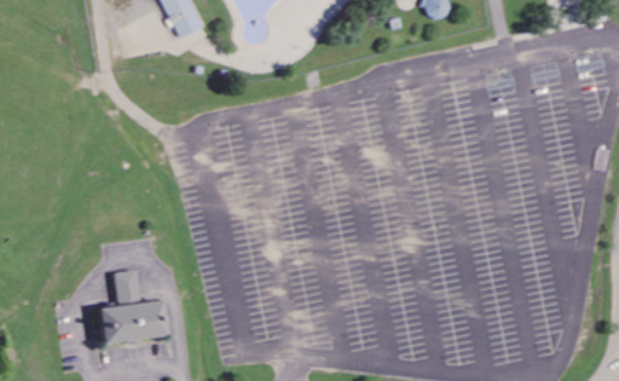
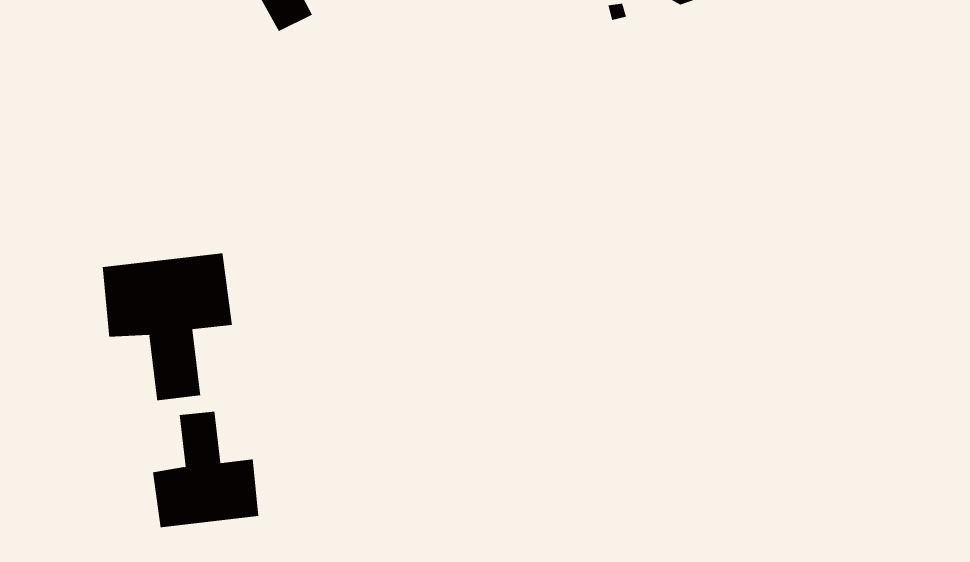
building: none -> [102,253,232,401]

